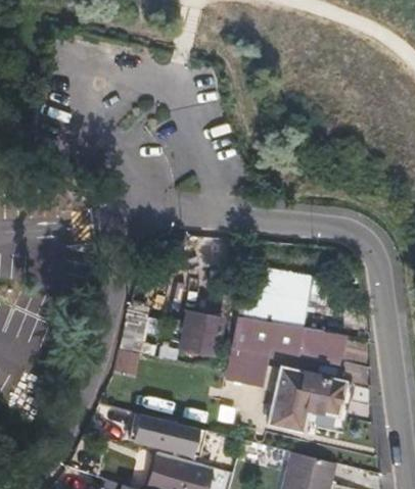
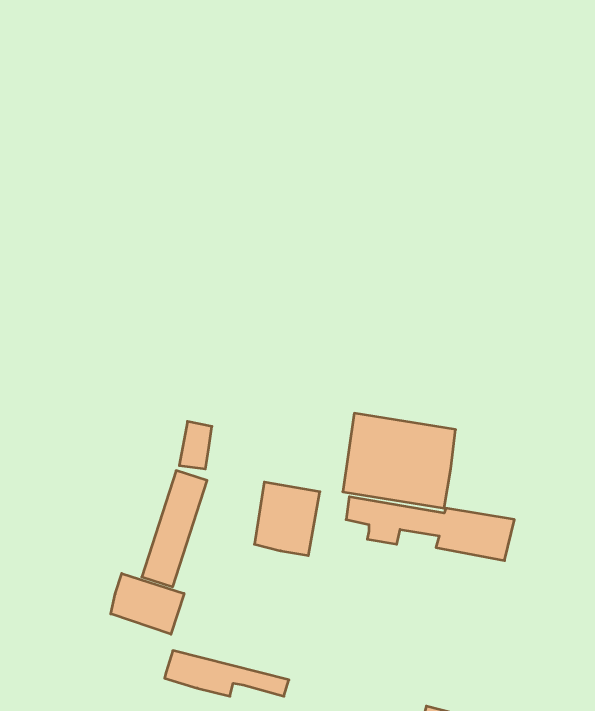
building: [226,346,268,385] -> none
building: none -> [111,573,184,634]
building: [269,370,347,434] -> none

